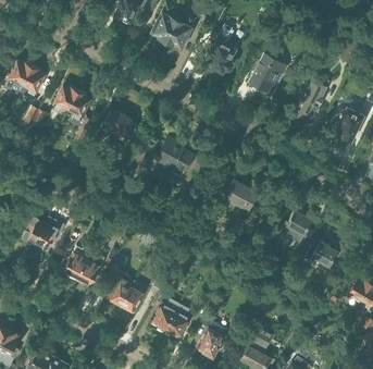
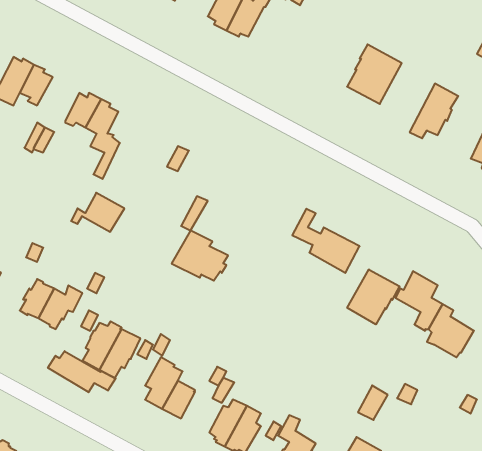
building: [204,28,235,72] -> none
building: [95,109,132,136] -> [71,193,124,232]
building: [154,138,194,173] -> [172,231,228,281]
building: none -> [347,269,400,324]
building: none -> [48,351,116,392]

